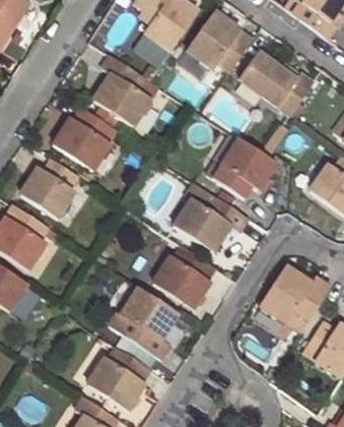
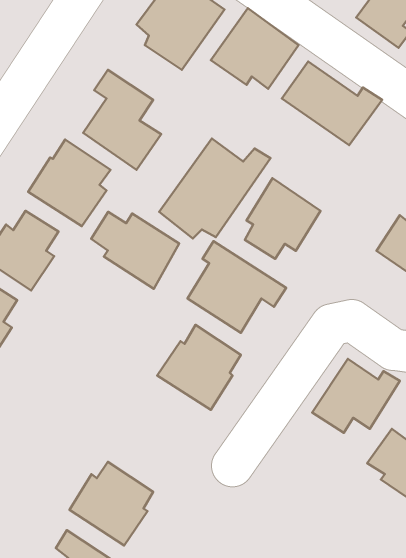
building: none -> [159,139,270,238]
building: none -> [91,212,179,289]
building: [117,287,173,356] -> none

